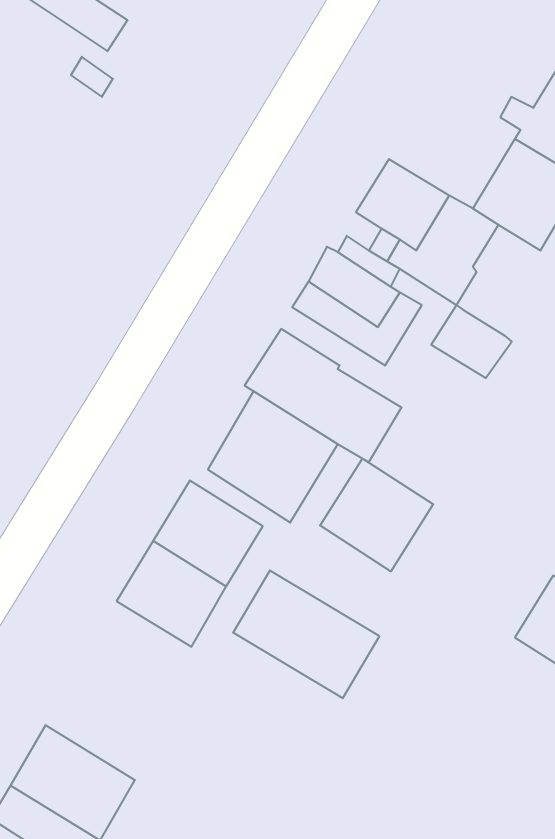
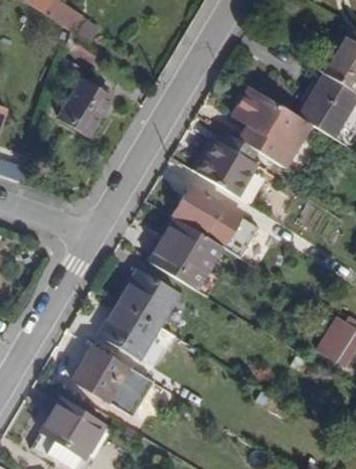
building: none -> [60,72,116,130]
building: [431,305,512,378] -> none
building: [320,459,433,571] -> none
building: [233,570,379,698] -> [73,342,154,413]

